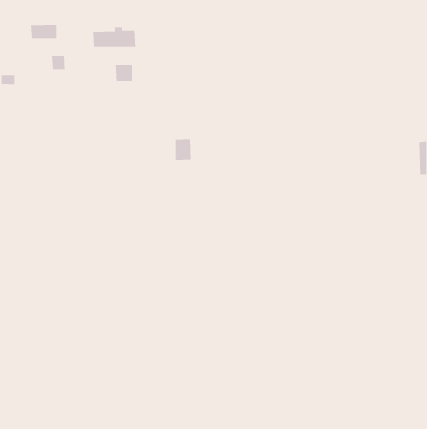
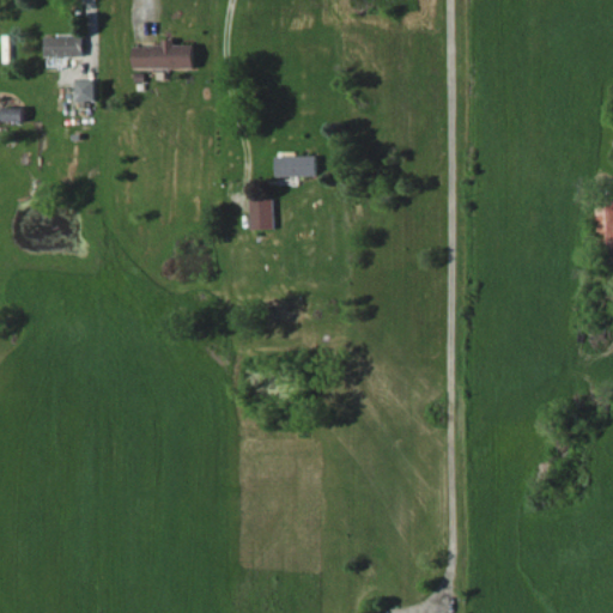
building: [115,64,132,82] -> none
building: none -> [275,156,316,176]

